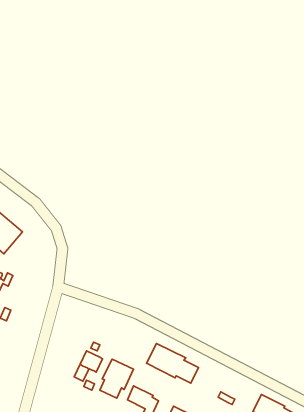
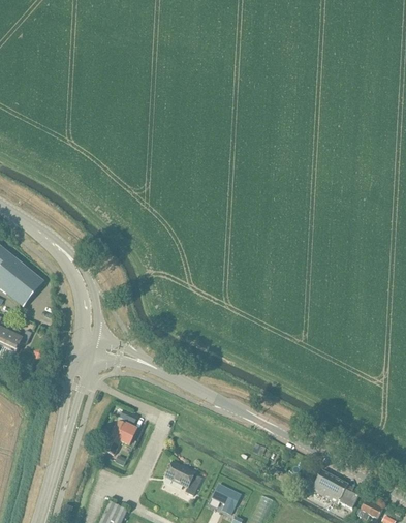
building: [147,343,198,383] -> none
building: [100,359,133,398] -> none

